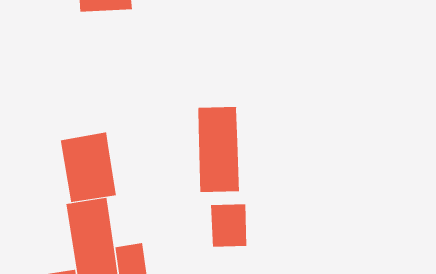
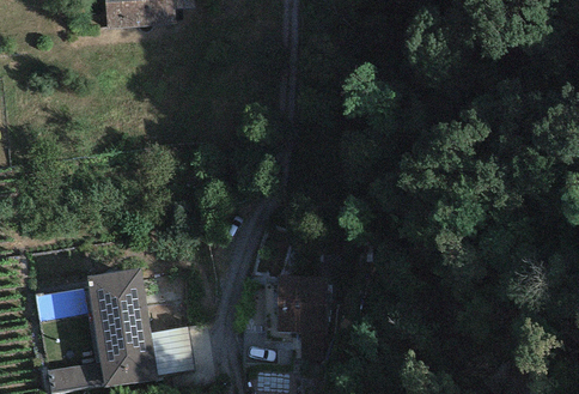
building: [198,106,239,193] -> none
building: [60,131,116,203] -> none

